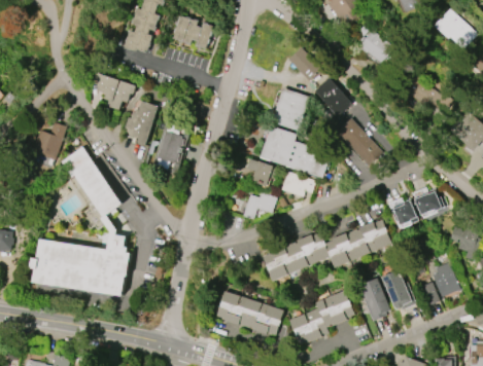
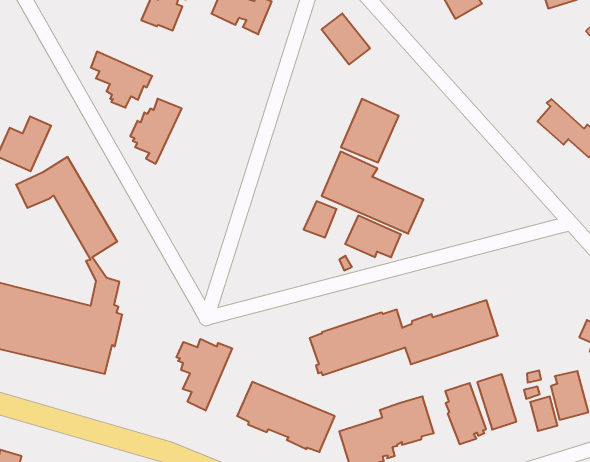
building: [358,31,392,63] -> none
building: [288,47,323,82] -> [322,13,370,64]
building: [315,78,352,116] -> none
building: [151,117,191,176] -> none
building: [337,118,382,166] -> none
building: [415,188,443,215] -> none
building: [242,192,276,219] -> none
building: [388,202,418,225] -> none
building: none -> [176,339,232,411]

